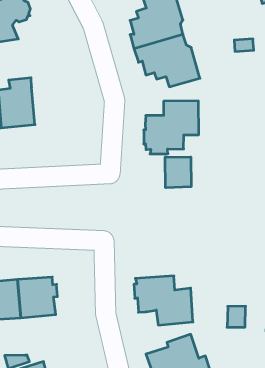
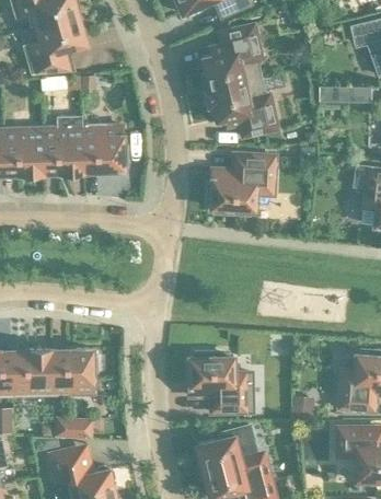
building: none -> [82,126,128,171]
building: [165,157,191,188] -> none
building: none -> [56,418,92,438]

